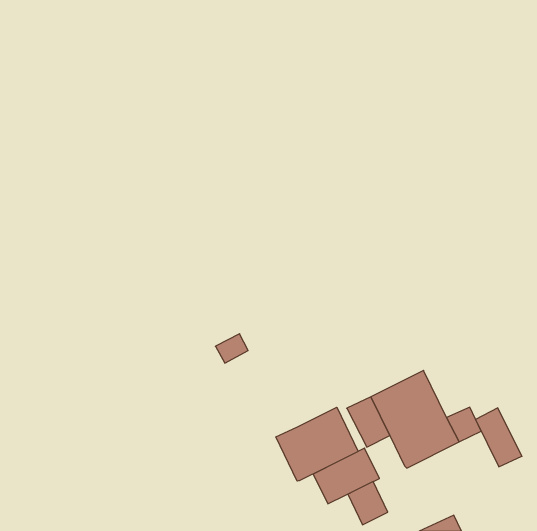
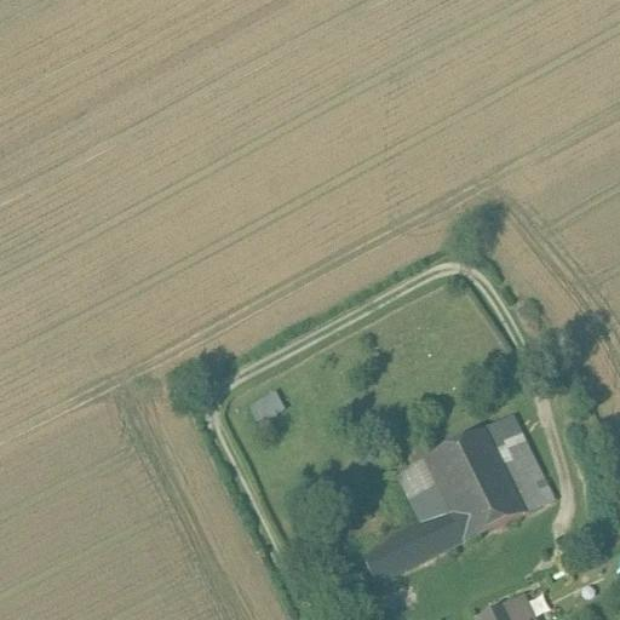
building: [276,407,358,481] -> none
building: [476,408,522,467] -> [488,414,541,482]
building: [348,482,388,525] -> [420,503,466,552]

